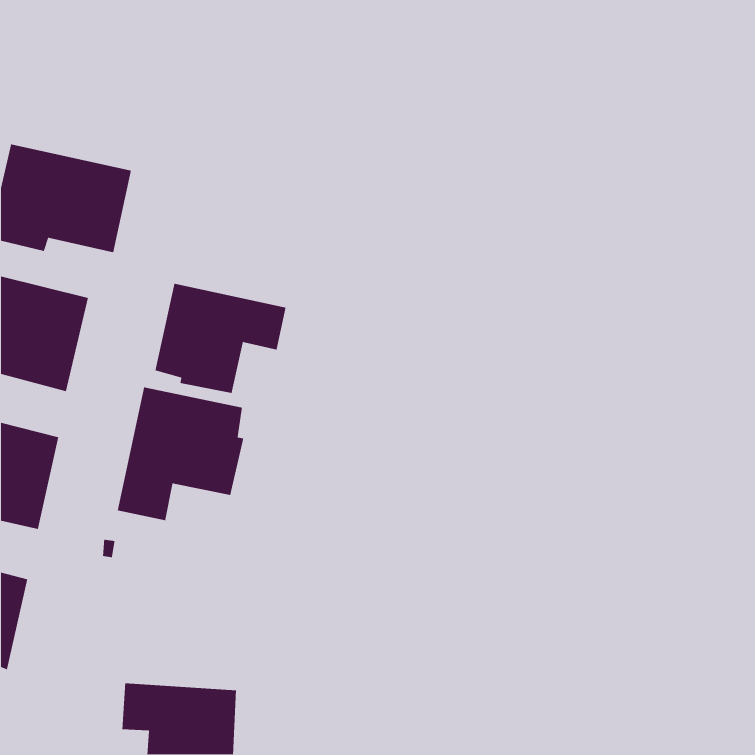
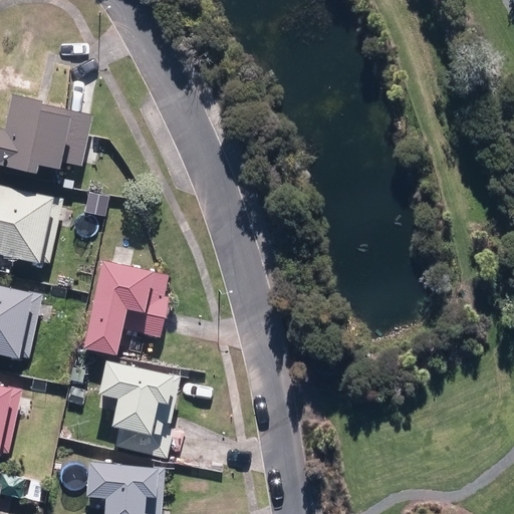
building: [154,283,286,394] -> none
building: none -> [94,361,178,458]

